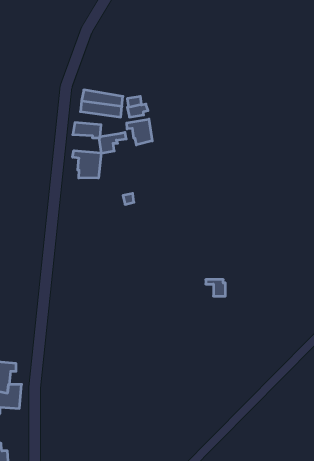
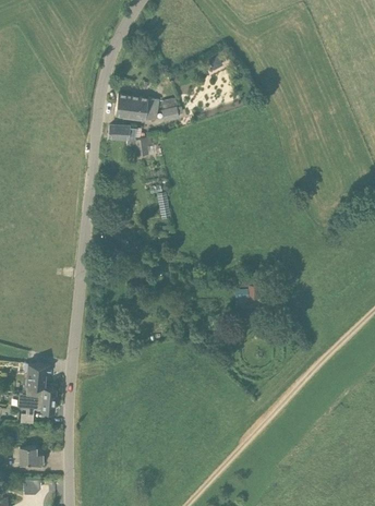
building: [127,119,152,145] -> none
building: [73,151,101,178] -> none

